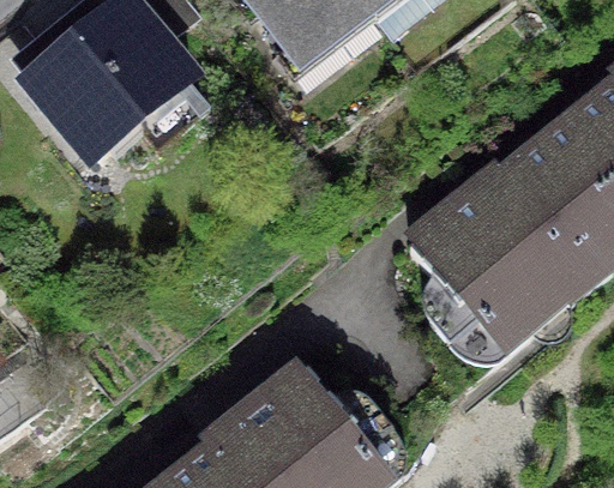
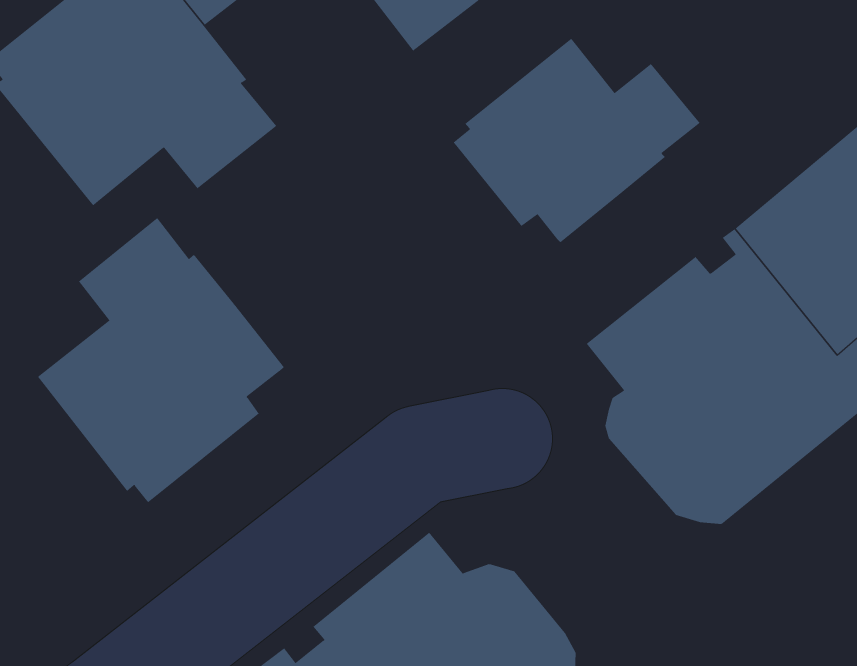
building: none -> [453,38,700,243]
building: none -> [37,217,284,503]

